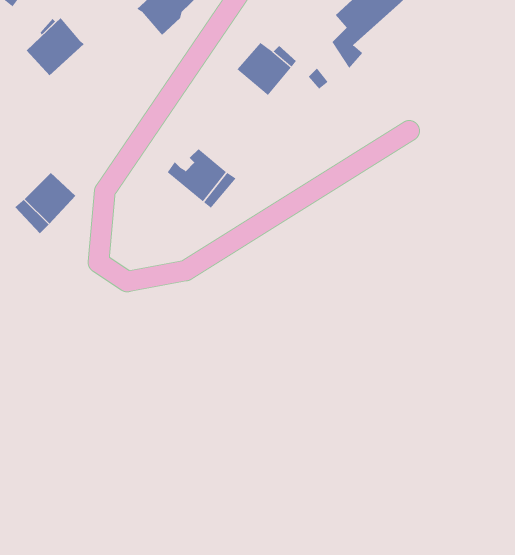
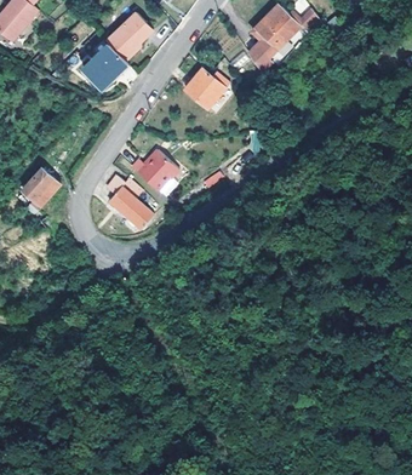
building: [26,17,84,76] -> [82,44,127,88]
building: none -> [105,173,153,227]

